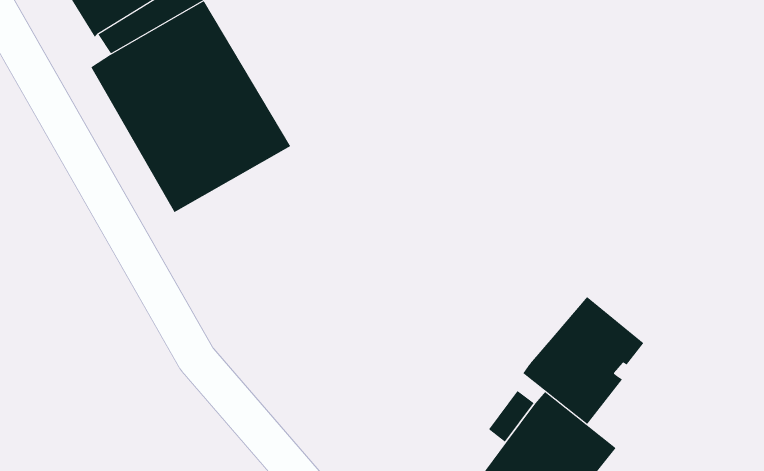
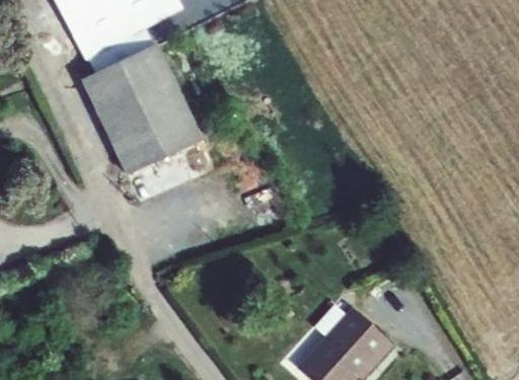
building: [522,296,644,425] -> none

